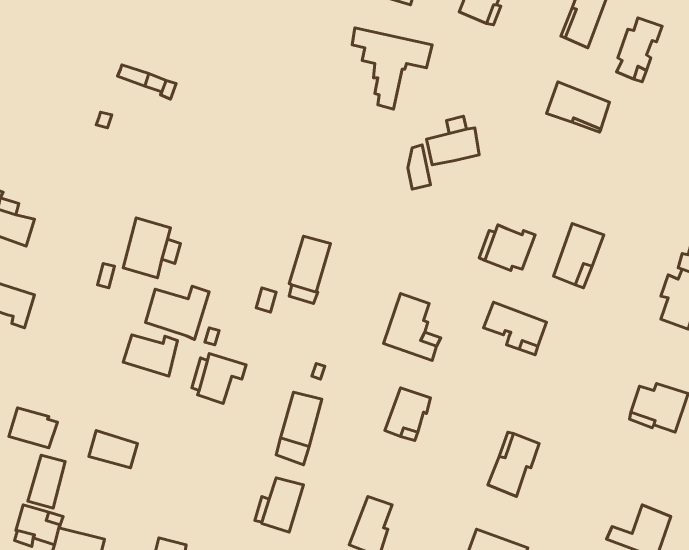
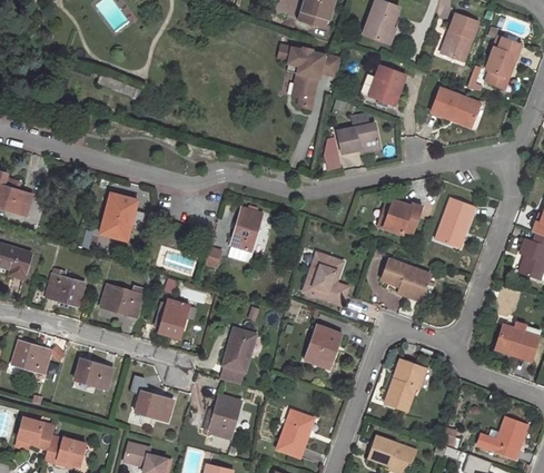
building: none -> [369,65,405,105]
building: [146,286,209,339] -> none
building: none -> [47,267,85,305]
building: none -> [130,374,174,420]
building: [28,455,65,508] -> none

